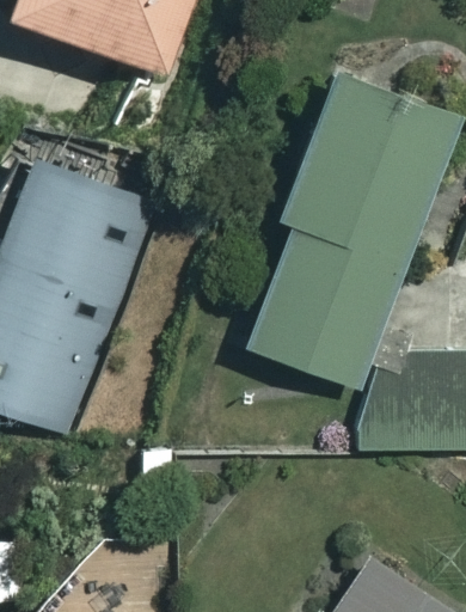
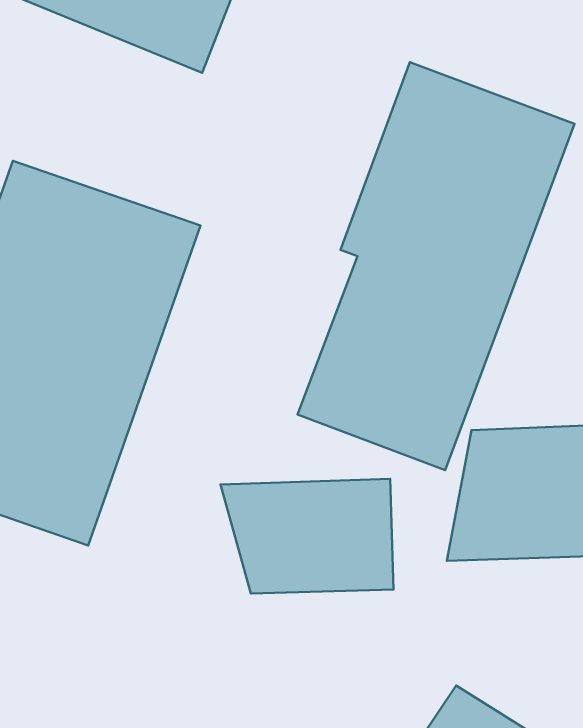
building: none -> [220,479,394,593]

